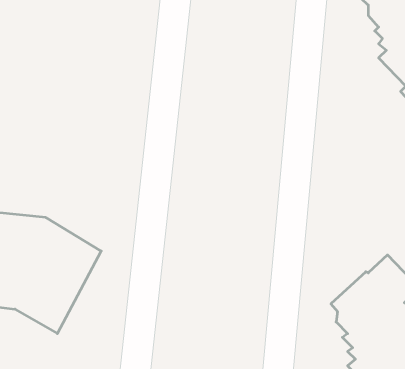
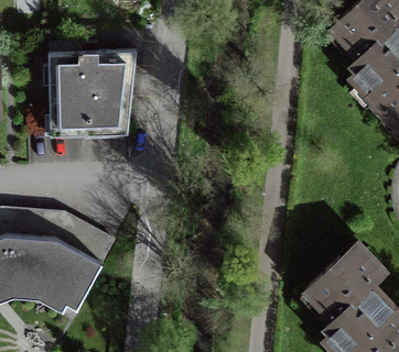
building: none -> [48,52,136,133]

